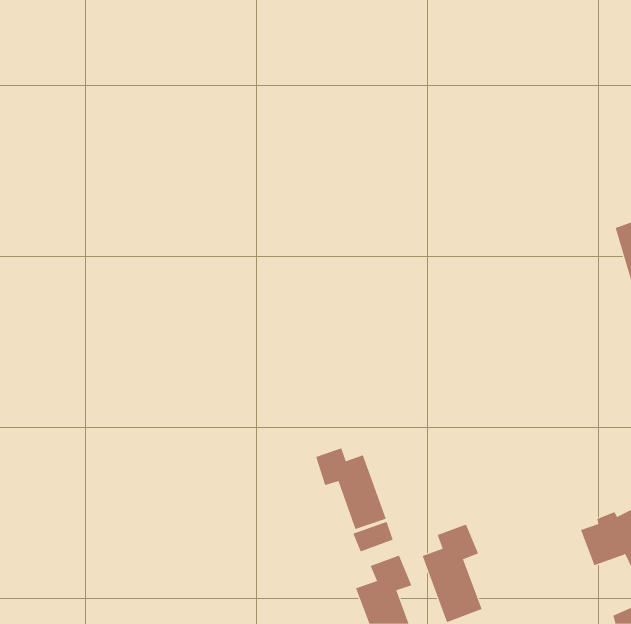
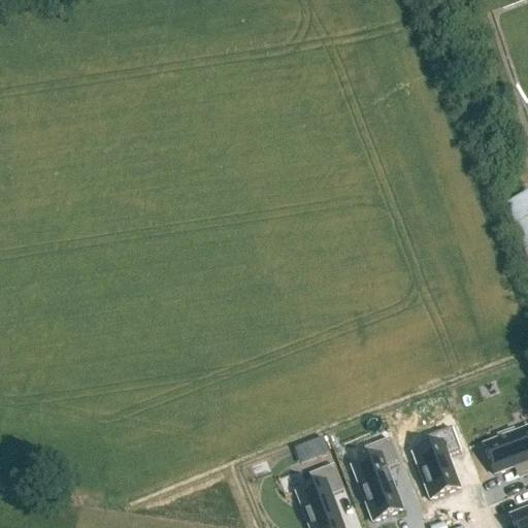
building: [316,447,386,530] -> none
building: none -> [414,424,461,496]

